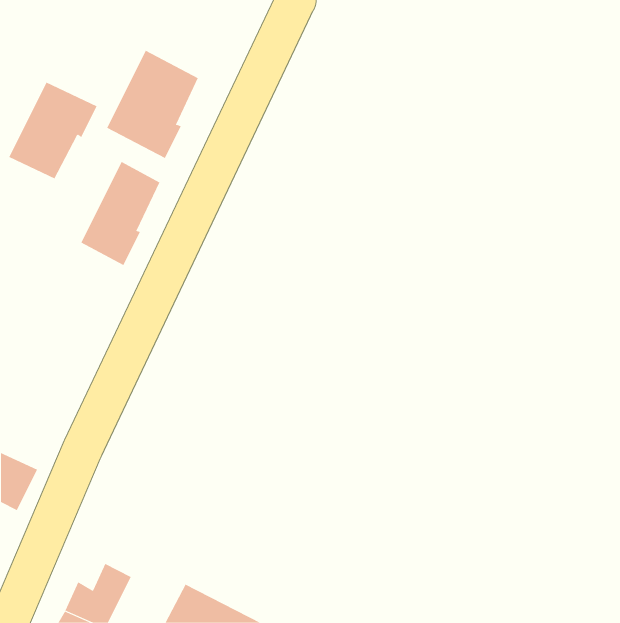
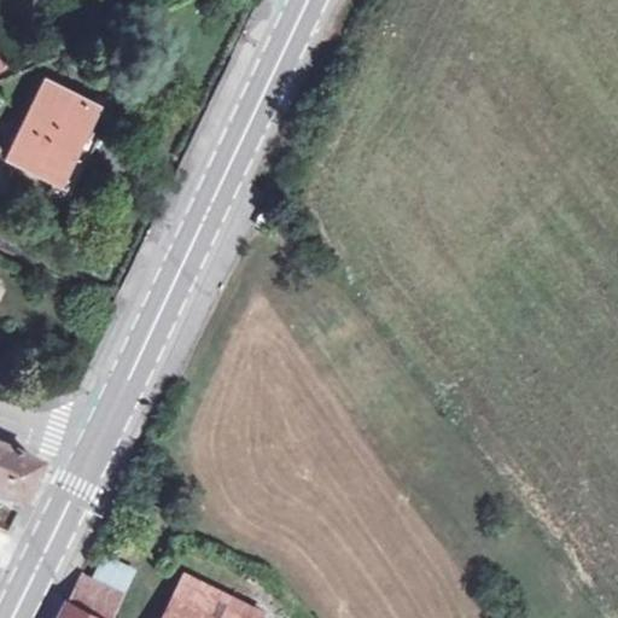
building: [106,50,199,159] -> none
building: [81,161,160,266] -> none

